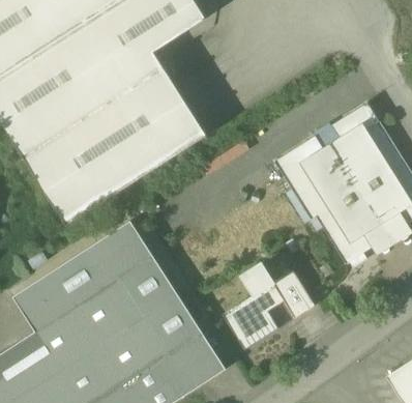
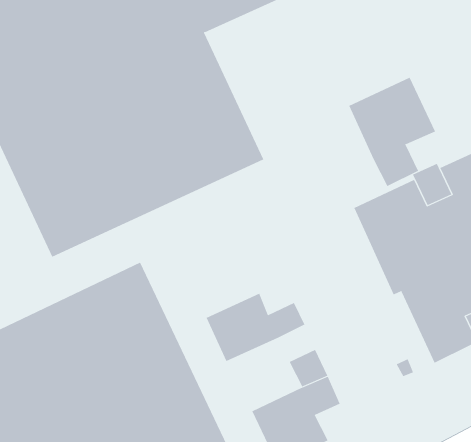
building: none -> [348,77,436,187]
building: none -> [206,293,305,362]
building: [272,269,315,318] -> none

